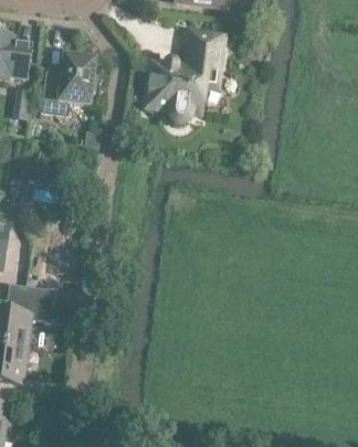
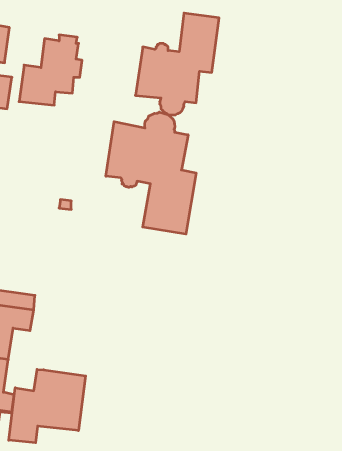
building: none -> [106,112,196,234]
building: none -> [9,369,86,443]

